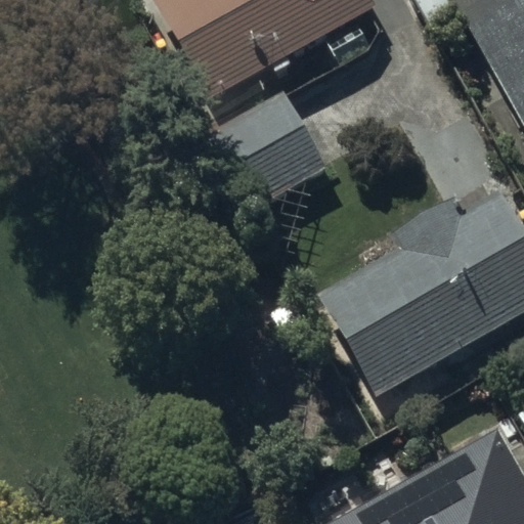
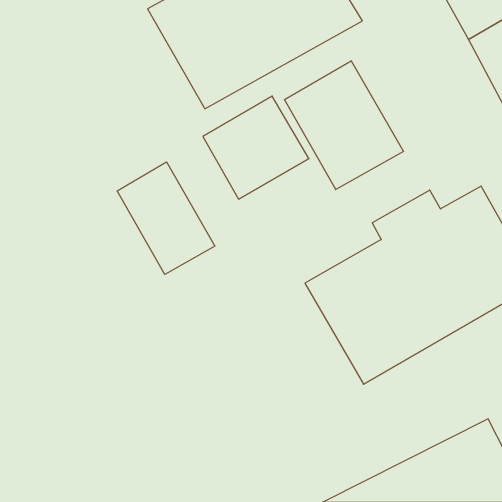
building: none -> [284,61,403,190]
building: none -> [117,162,215,274]

